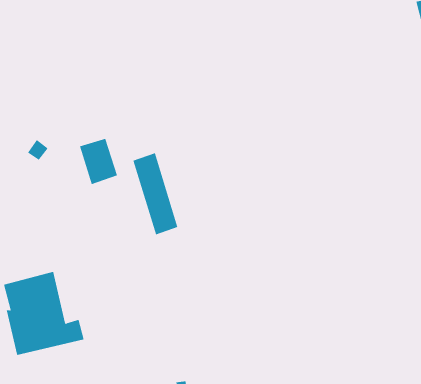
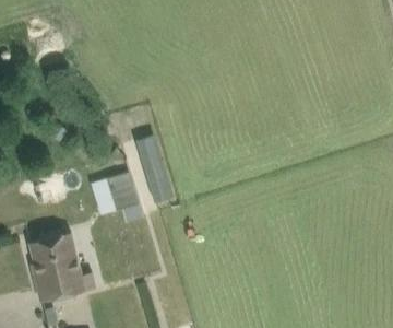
building: [79,138,118,185] -> [106,173,138,211]

